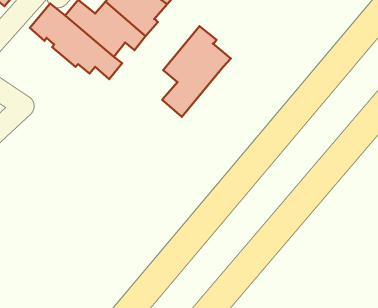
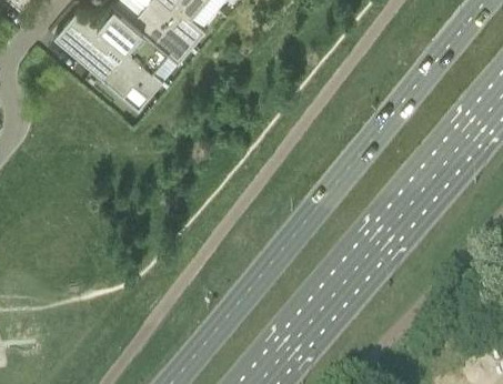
building: [162,26,231,117] -> none

